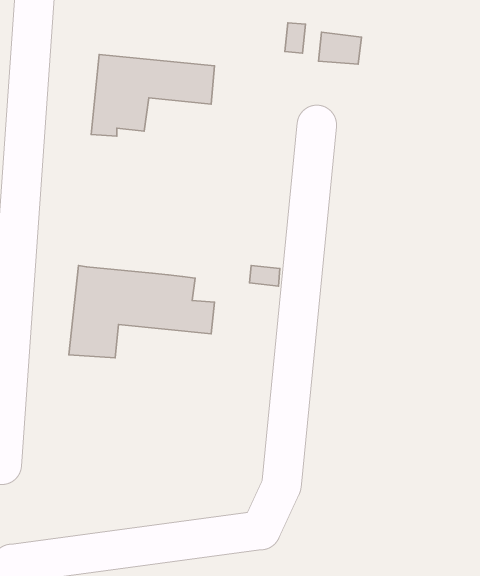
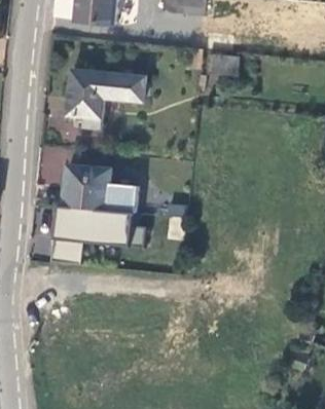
building: none -> [63,164,138,213]

